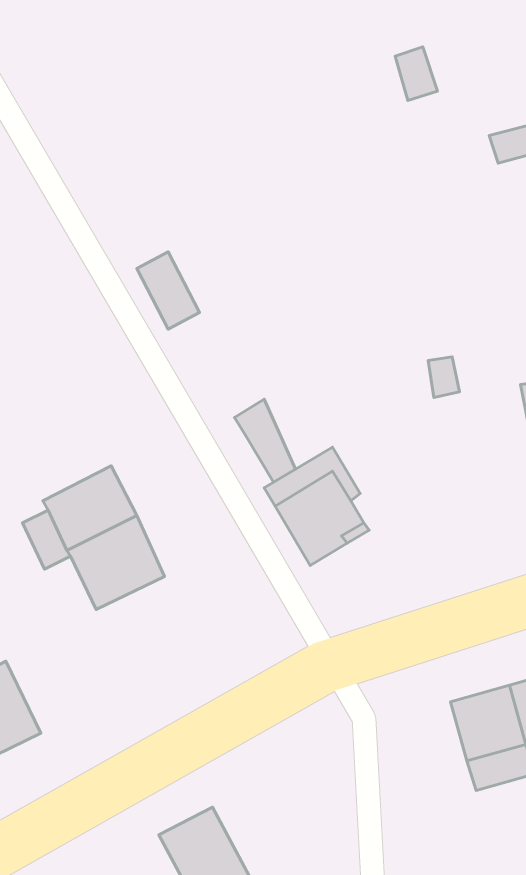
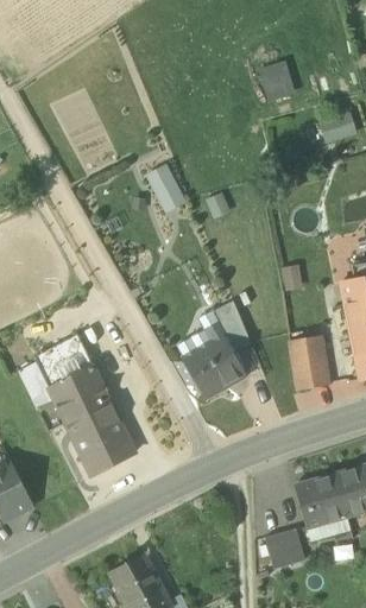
building: [137,252,199,329] -> [145,164,185,214]
building: [235,399,296,482] -> [213,299,252,353]
building: none -> [292,340,328,390]
building: none -> [68,406,135,476]
building: none -> [269,528,305,566]

